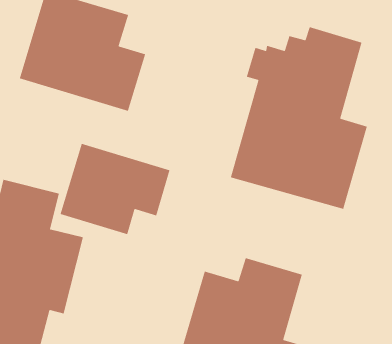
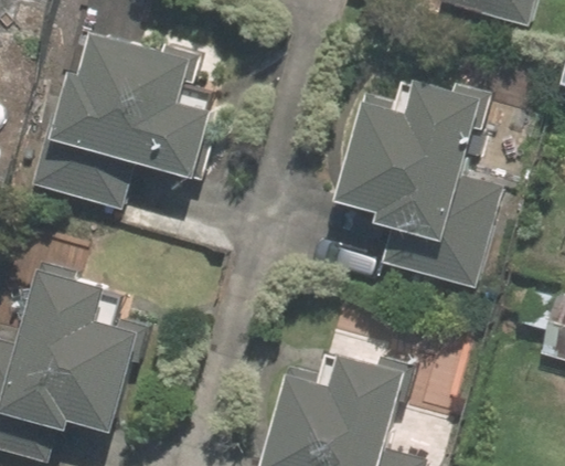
building: [60,143,171,235] -> none

